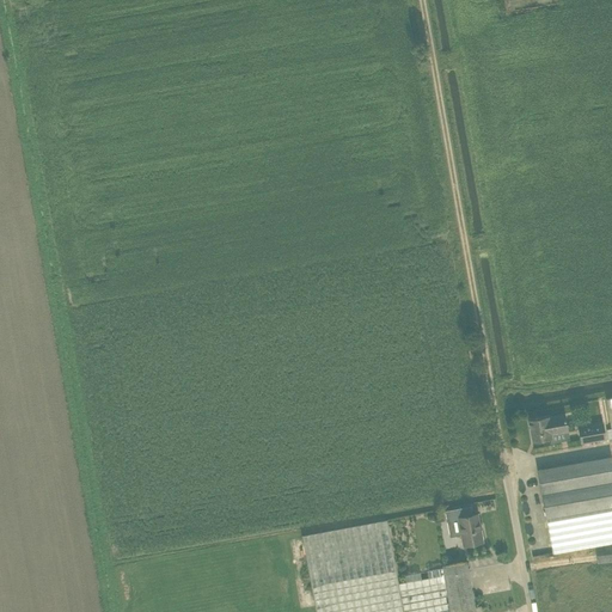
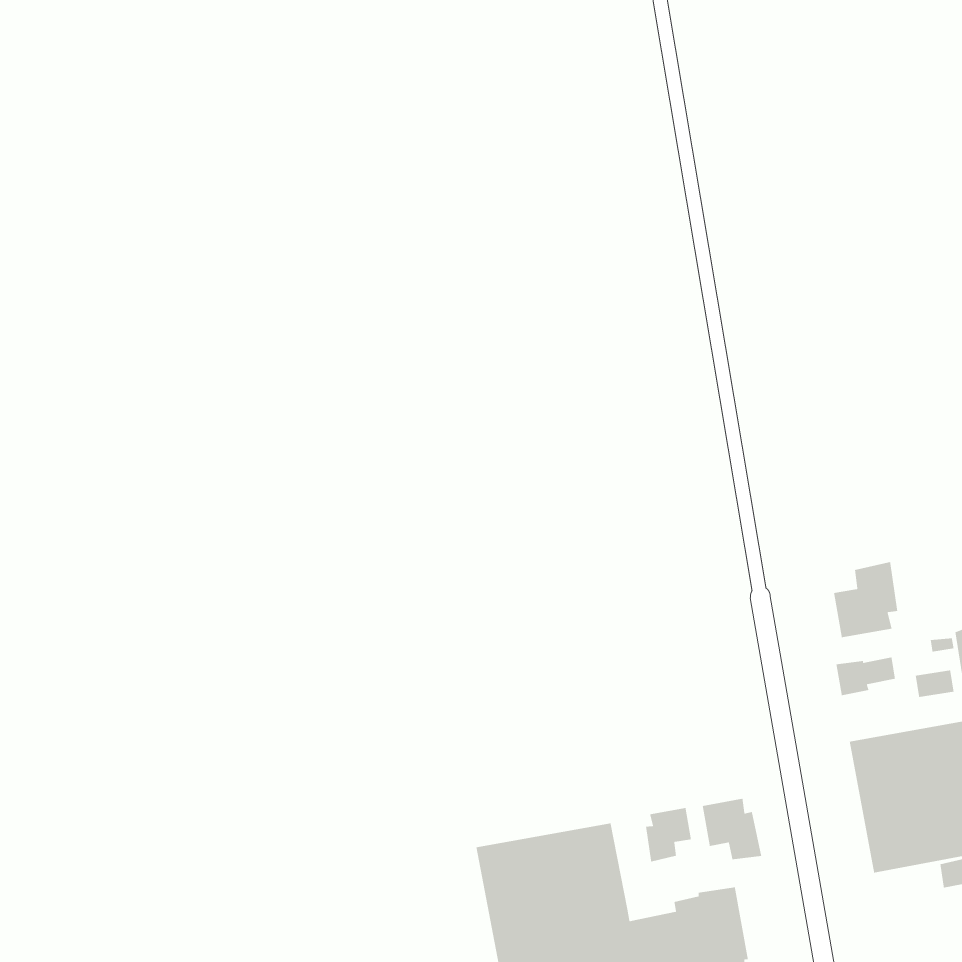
building: none -> [833,561,898,638]
building: none -> [645,807,692,862]

